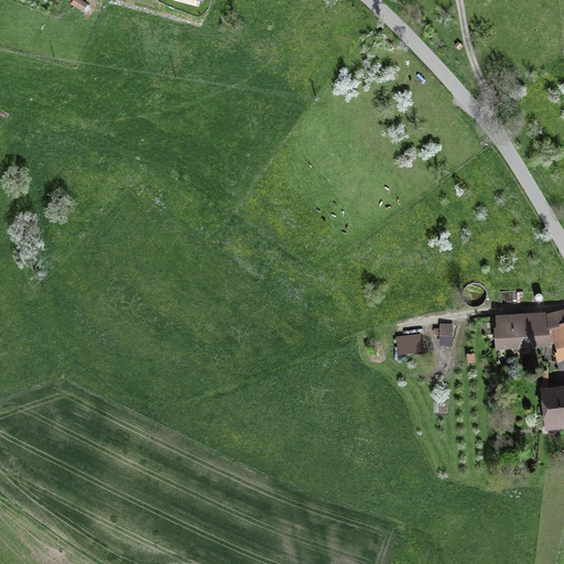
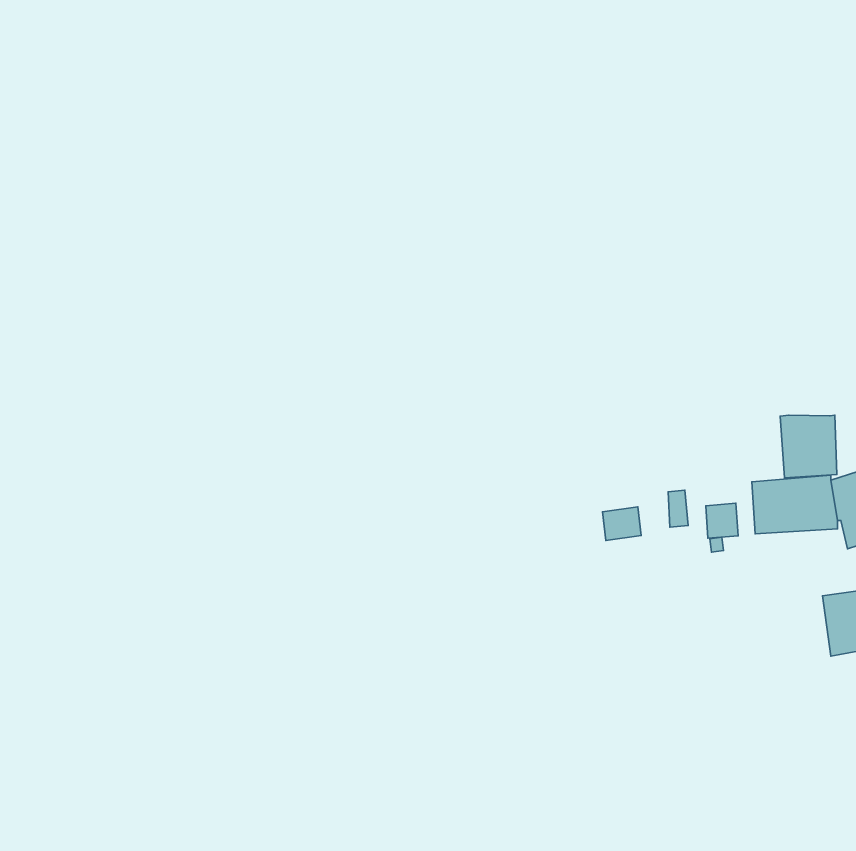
building: none -> [780,415,837,478]
building: none -> [706,503,738,538]

